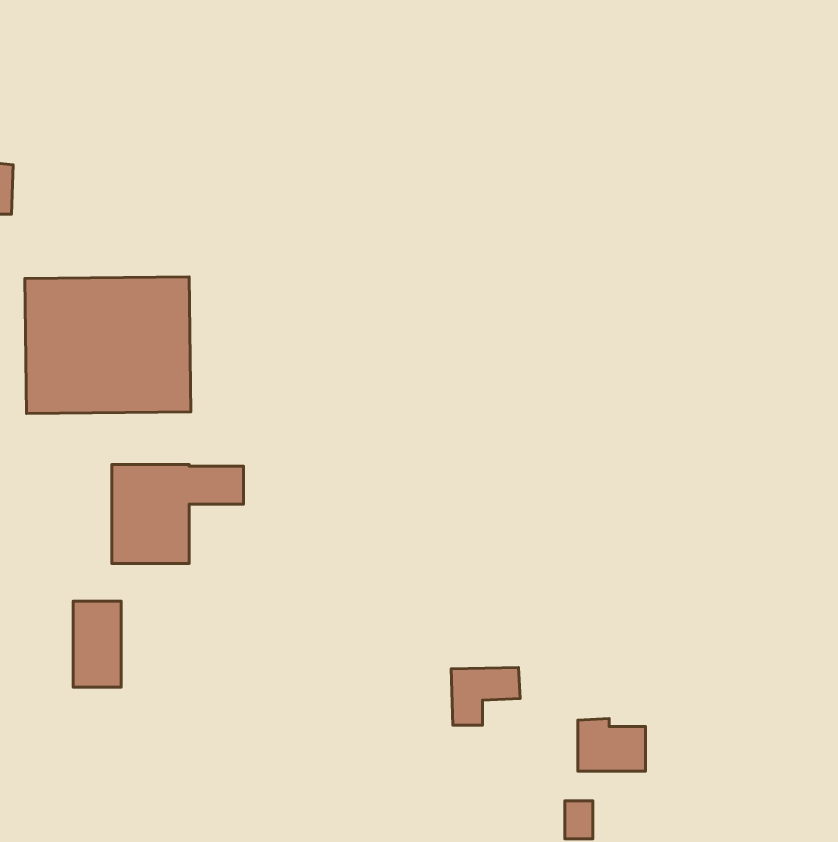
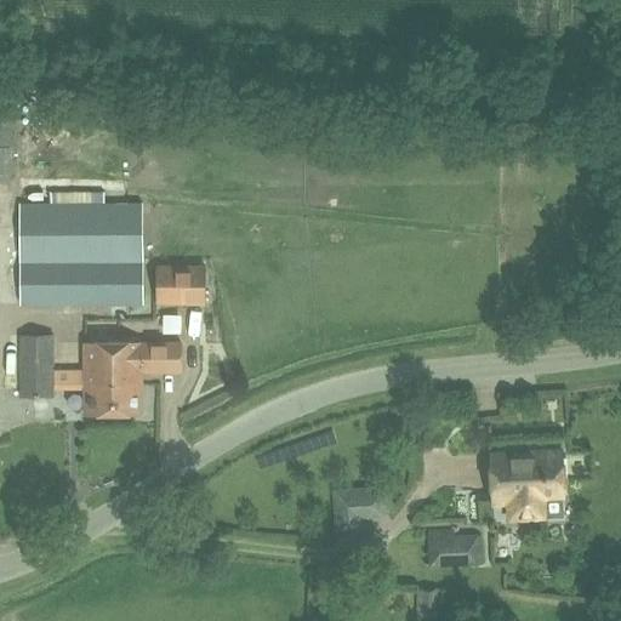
building: none -> [155,266,204,303]
building: [73,601,121,687] -> [18,335,53,398]
building: none -> [489,451,562,518]

